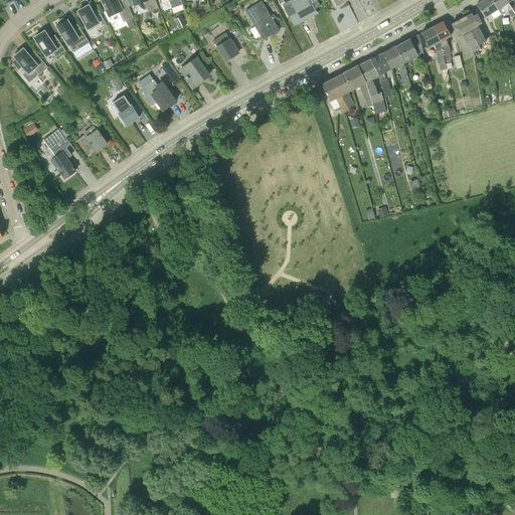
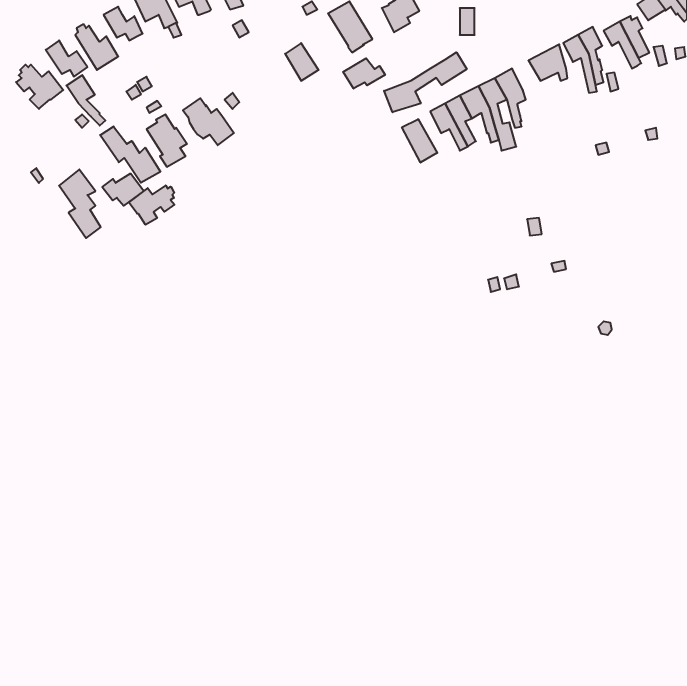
building: none -> [384,52,467,112]
building: none -> [343,58,385,89]
building: [383,45,408,84] -> none
building: none -> [66,75,105,126]
building: [181,57,209,85] -> none
building: none -> [402,119,437,163]
building: none -> [100,126,160,183]
building: none -> [129,185,174,225]

